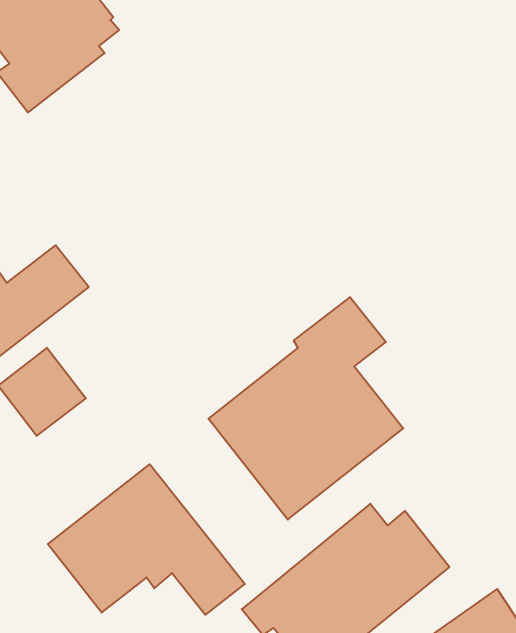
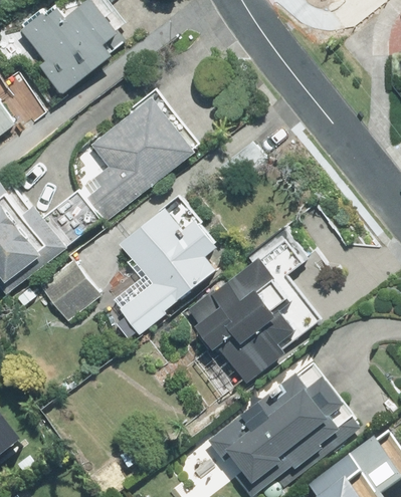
building: none -> [81,90,202,220]
building: none -> [118,194,219,333]
building: [48,464,245,615] -> none

